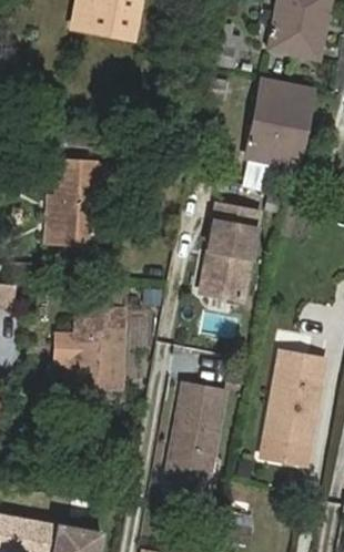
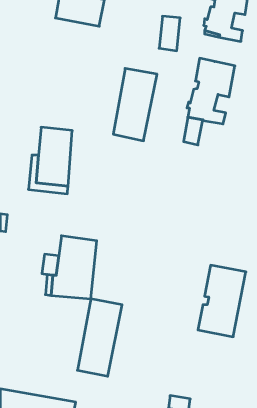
building: [201,205,259,300] -> [113,68,157,141]
building: [166,381,225,483] -> [77,299,122,376]
building: [256,436,308,474] -> none

